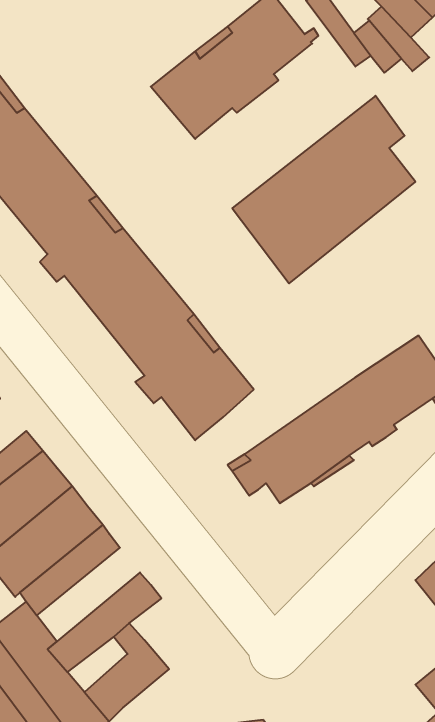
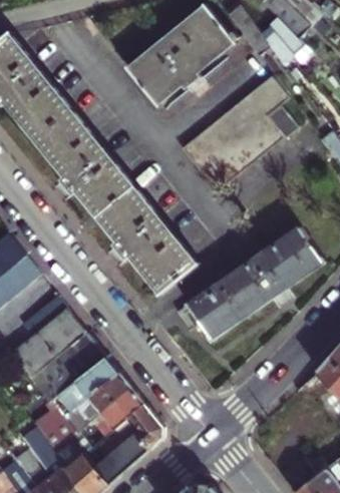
building: none -> [56,369,123,430]
building: none -> [116,402,157,448]

